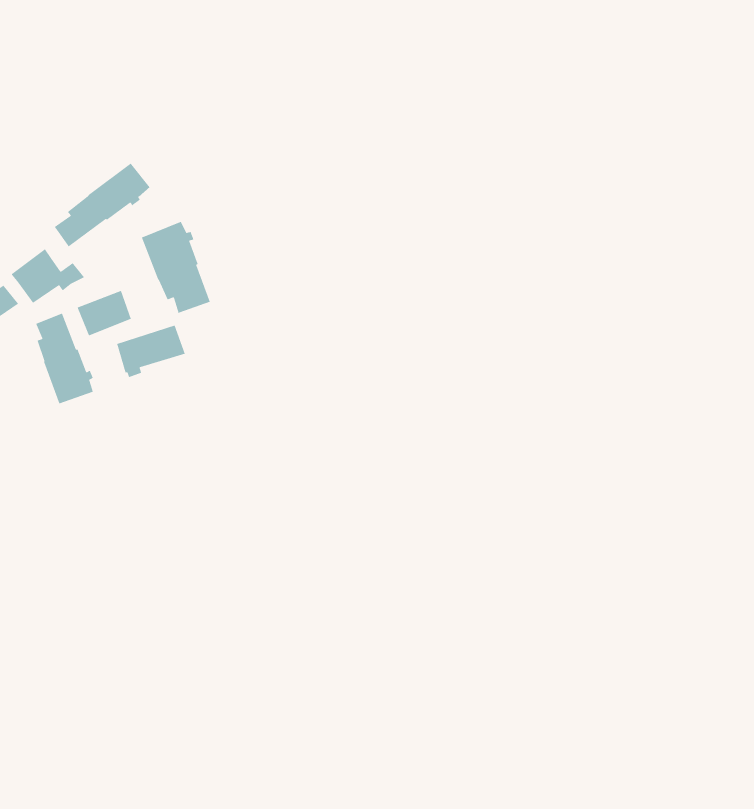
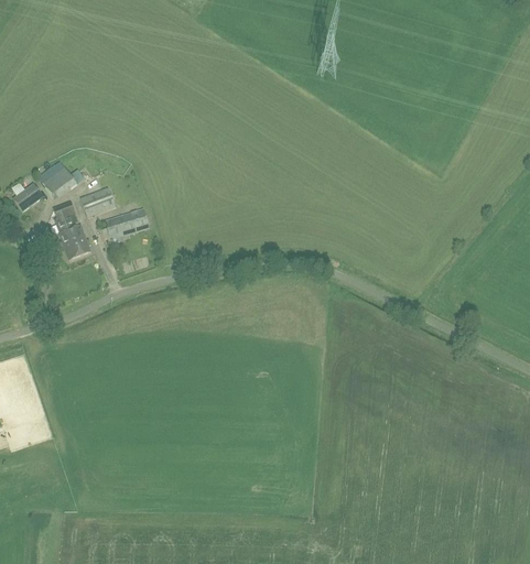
building: [53,163,151,248] -> none
building: [141,221,211,315] -> none

